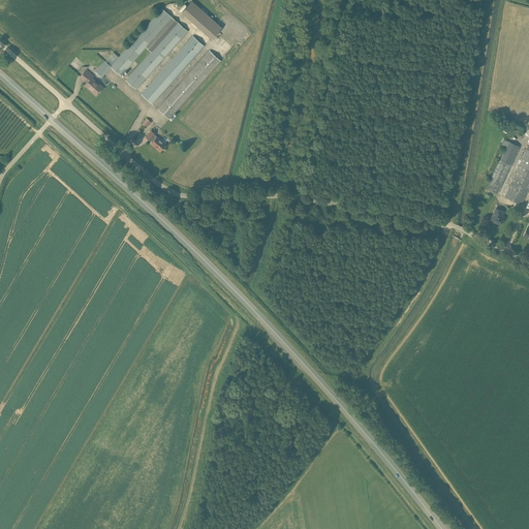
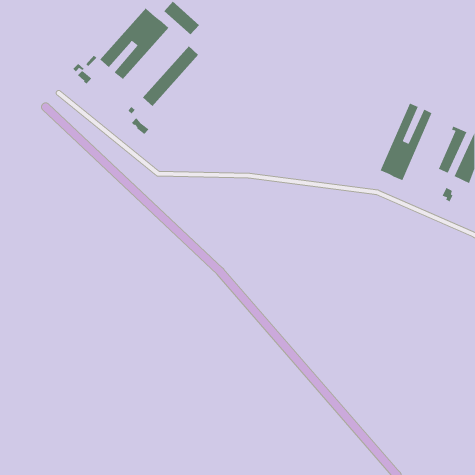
building: [142,35,205,104] -> none
building: none -> [380,103,433,181]

